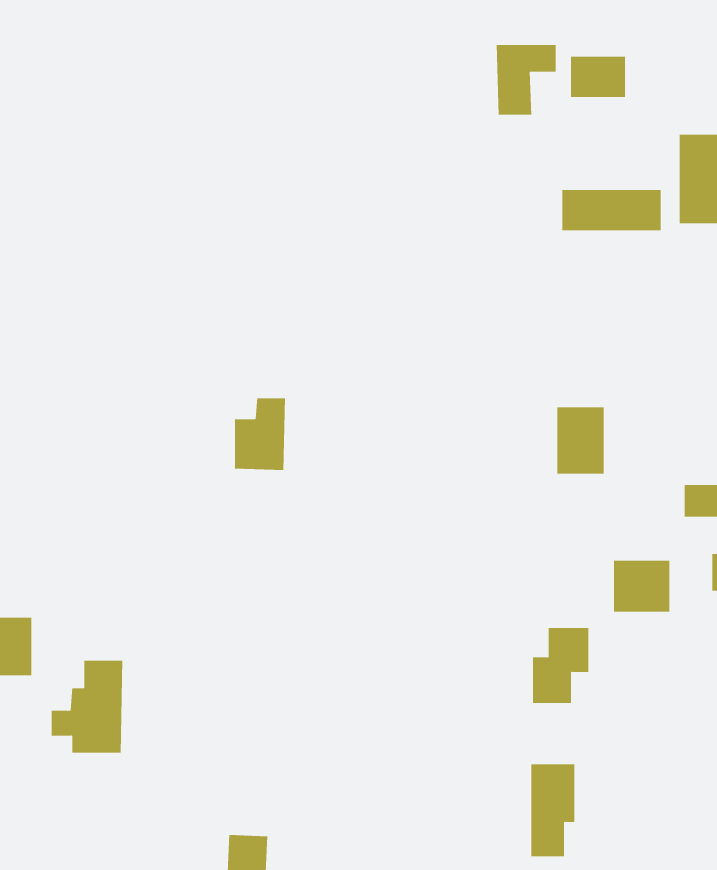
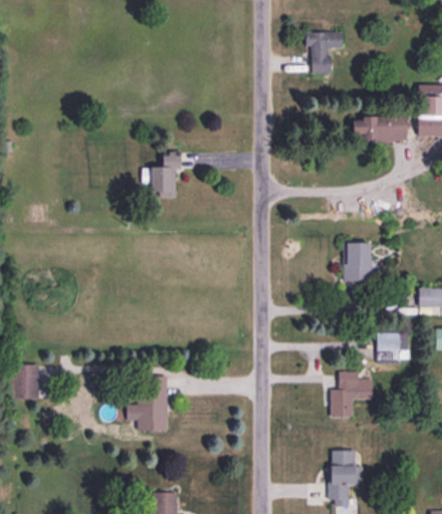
building: [571,56,626,98] -> none
building: [234,398,286,470] -> [149,155,179,197]
building: [51,660,123,753] -> [127,376,169,431]

